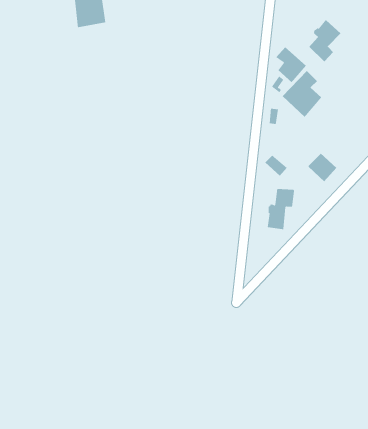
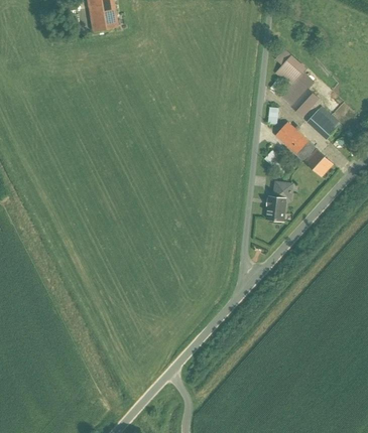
building: [309,19,342,62] -> none
building: none -> [308,106,341,139]
building: none -> [276,122,318,161]

